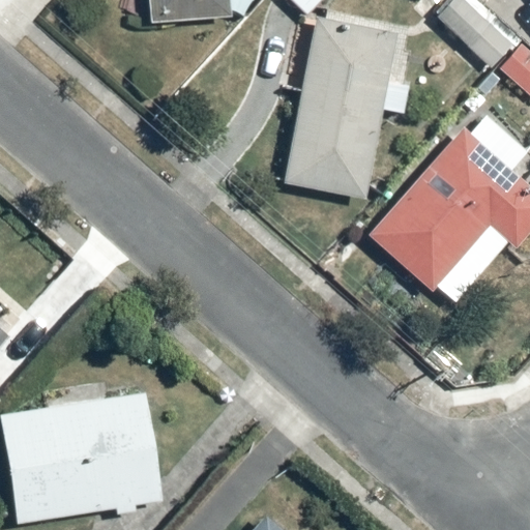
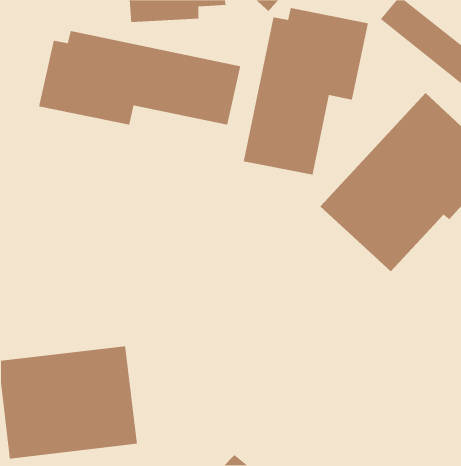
building: none -> [38,30,241,126]

